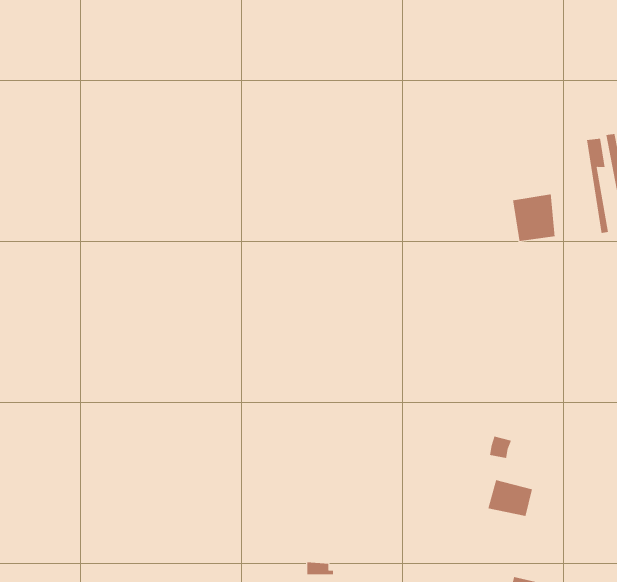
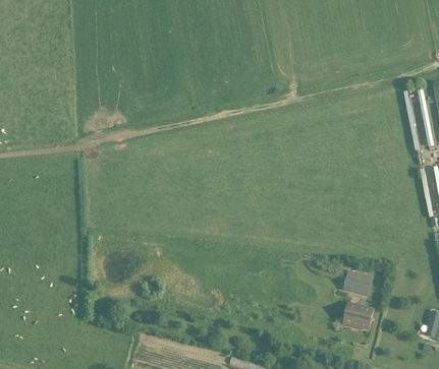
building: [513,193,555,242] -> none

